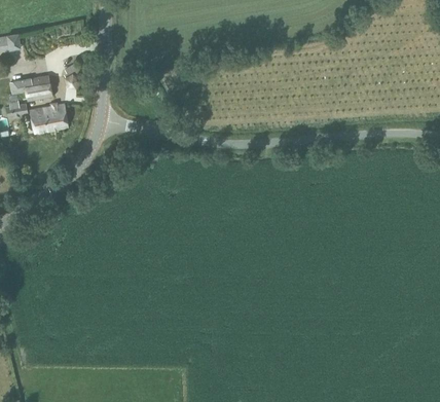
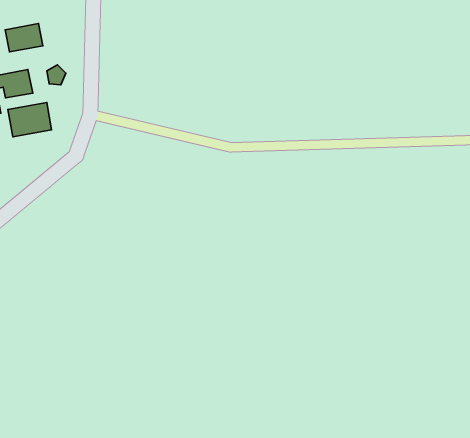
building: none -> [5,24,43,52]

